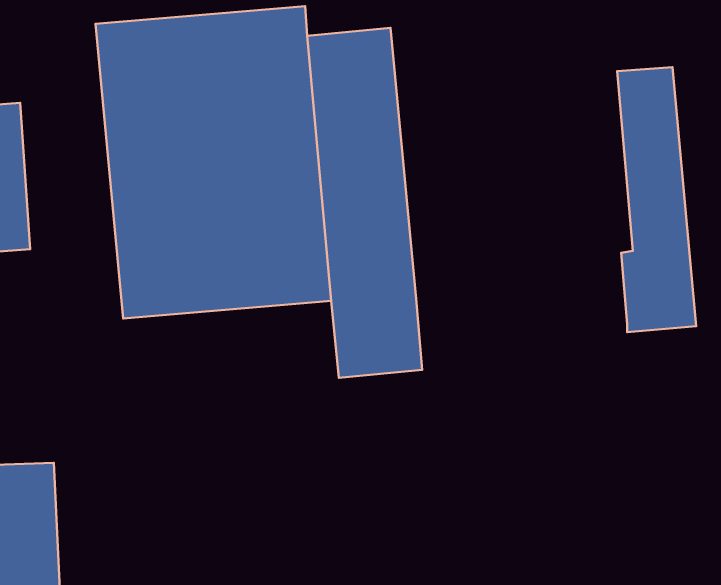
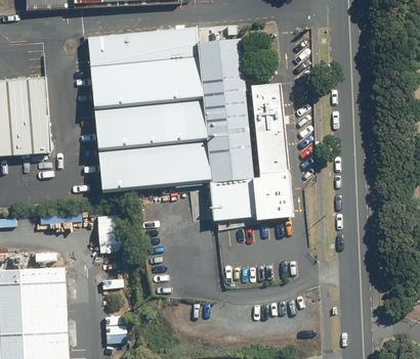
building: [617,67,696,332] -> [252,83,293,220]

